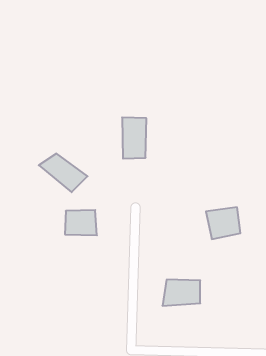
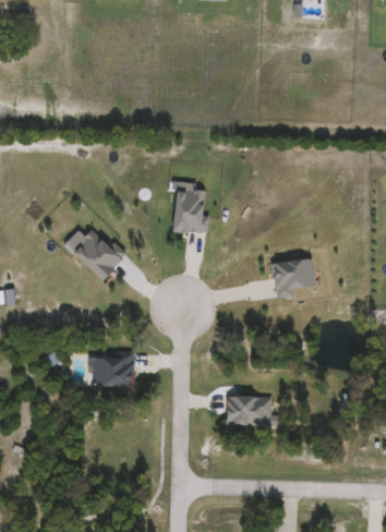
building: [206,207,240,239] -> [269,254,314,295]
building: [65,210,97,235] -> [94,353,135,386]

